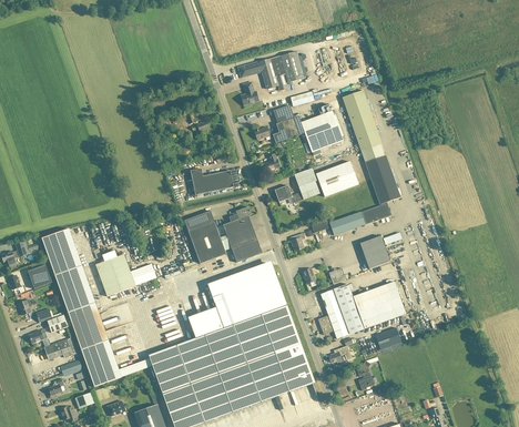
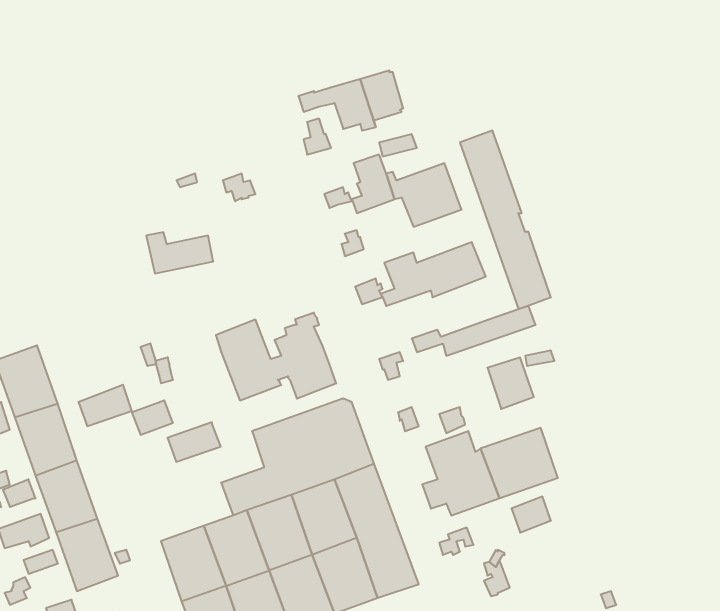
building: [190,167,233,194] -> [146,232,213,273]
building: [101,270,135,295] -> [167,422,221,462]

